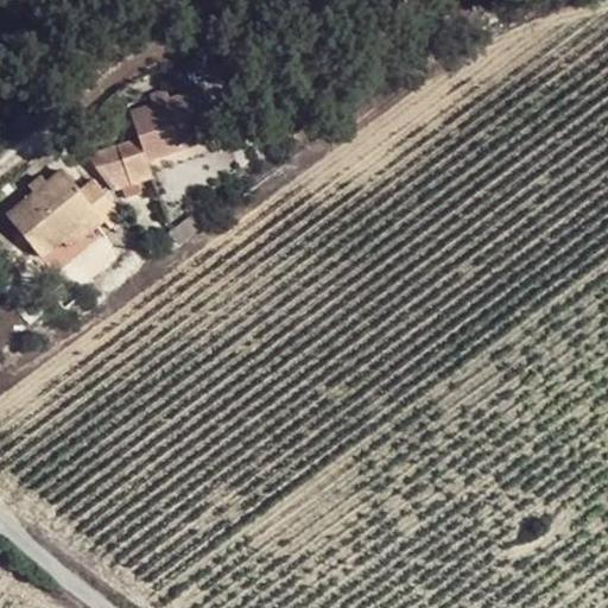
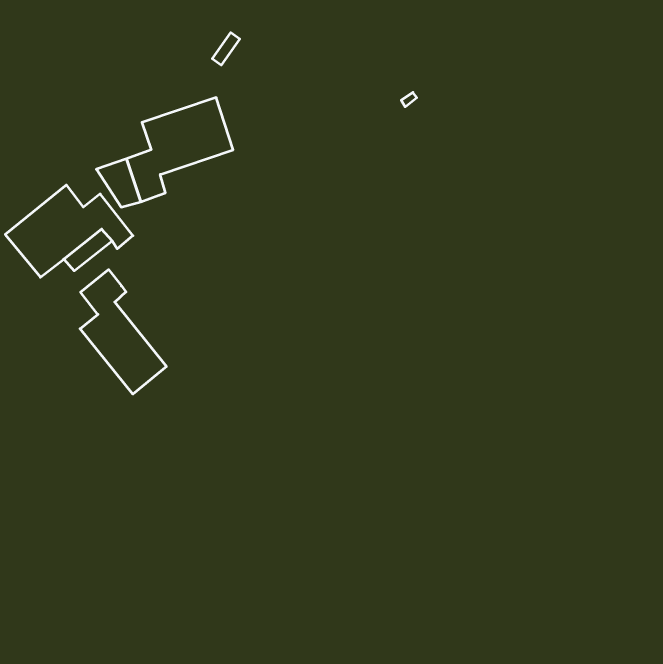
building: none -> [80,270,166,394]

